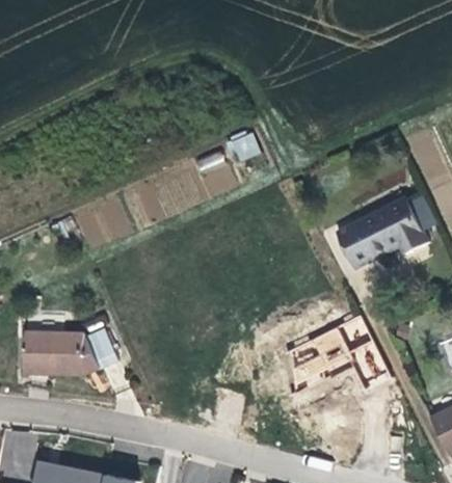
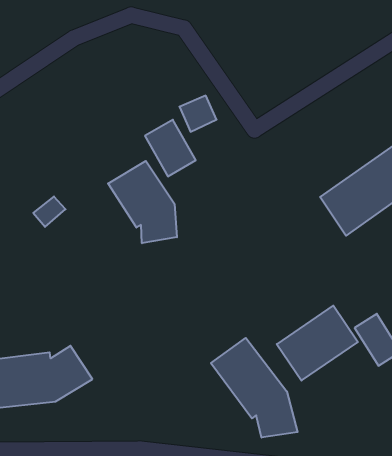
building: none -> [108,161,177,243]
building: none -> [211,338,298,438]

